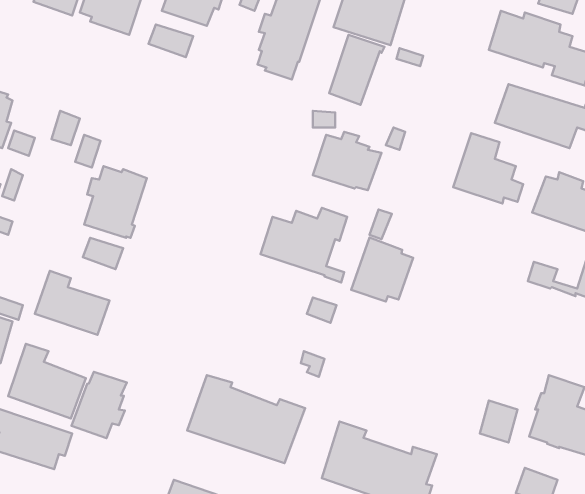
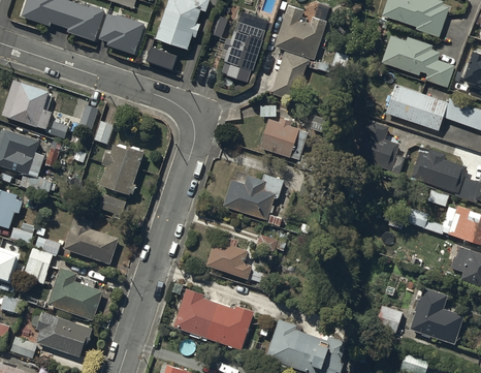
building: [351,238,413,301] -> none
building: none -> [206,236,253,278]
building: [72,372,127,438] -> none

